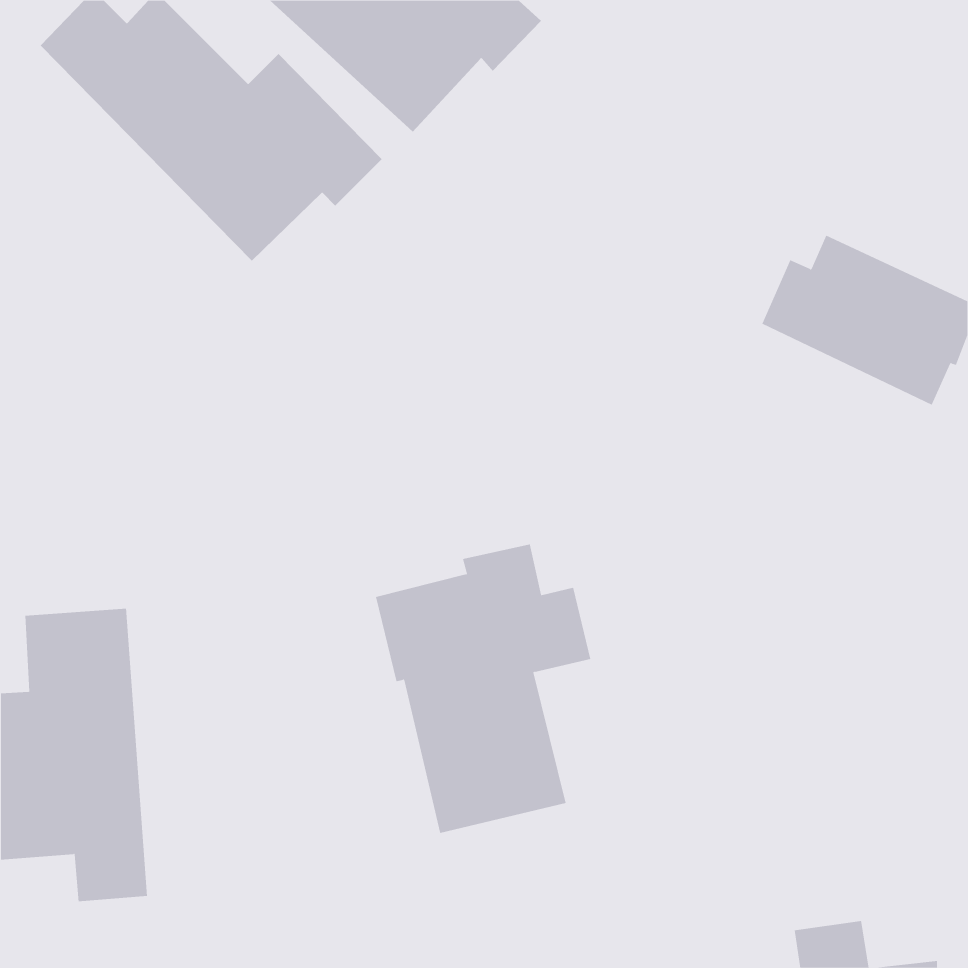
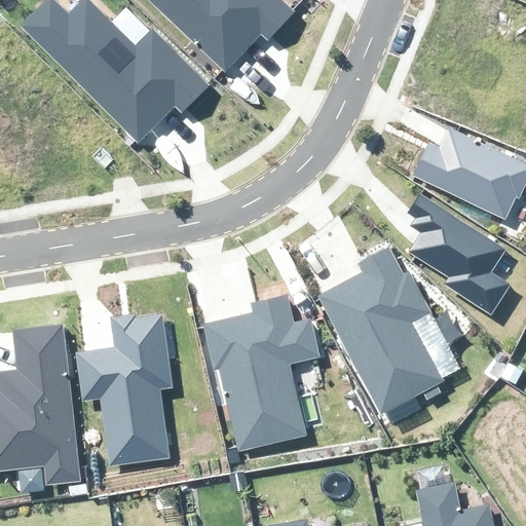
building: none -> [408,194,511,315]
building: none -> [318,248,443,413]
building: none -> [76,313,173,466]

